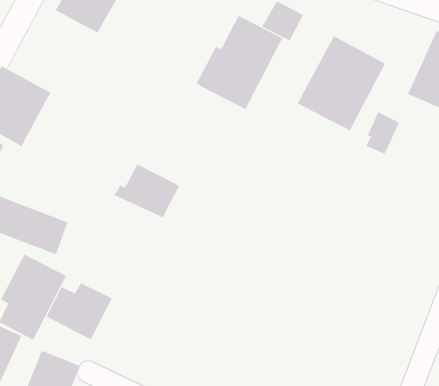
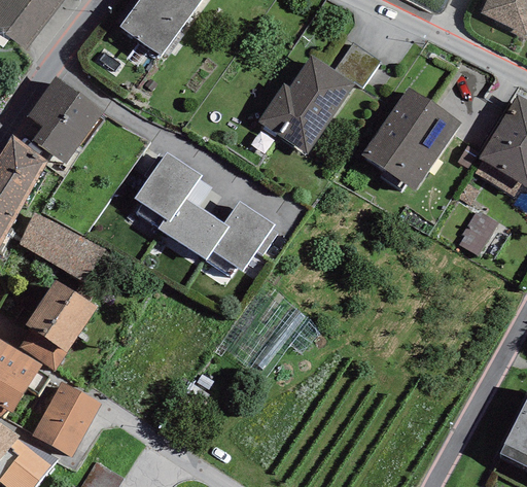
building: [366,111,400,154] -> [458,209,497,255]
building: none -> [134,152,201,220]
building: none -> [211,201,275,272]
building: [46,282,112,340] -> none

